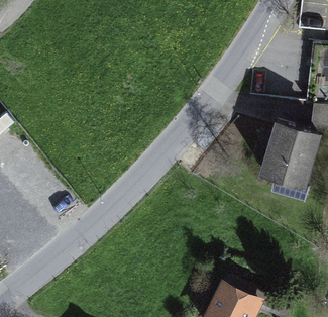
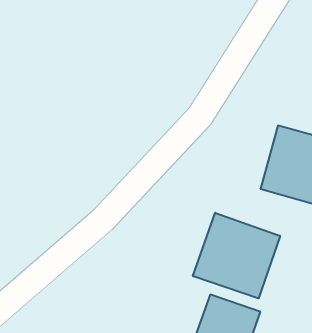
building: none -> [193,213,280,298]

